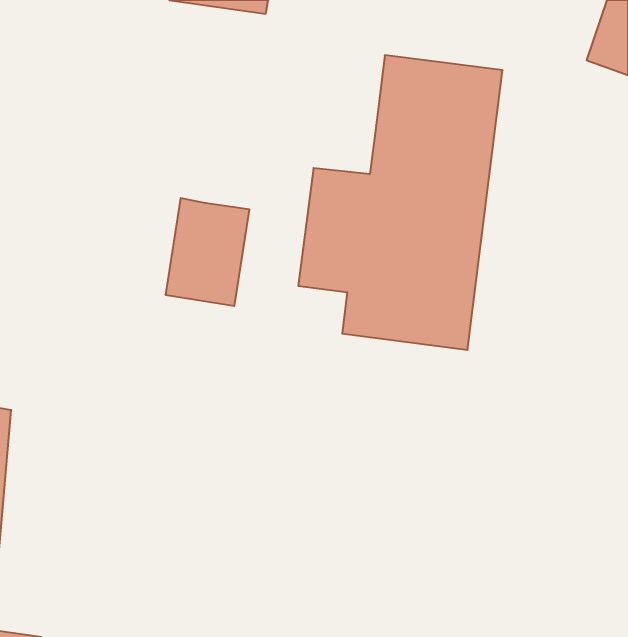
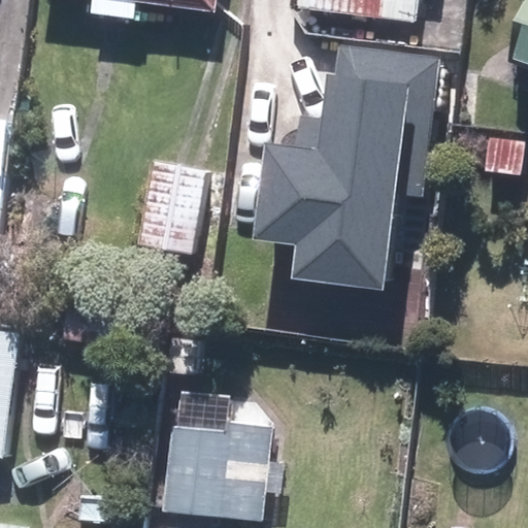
building: none -> [166,390,288,521]

